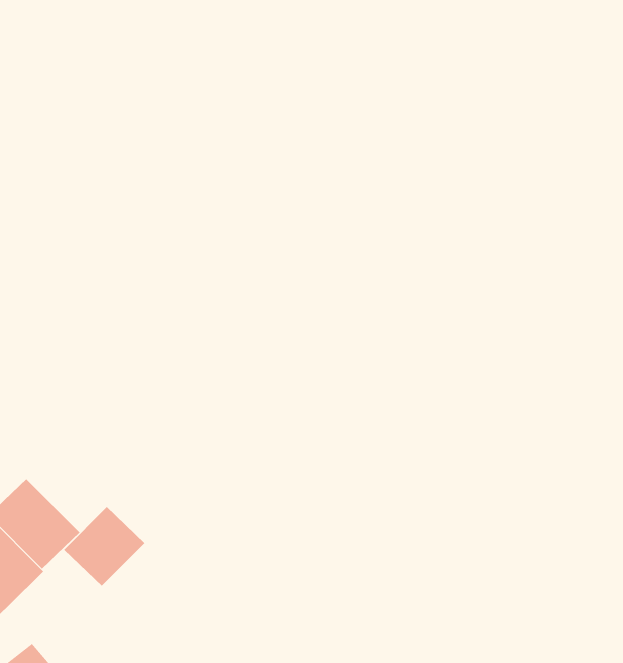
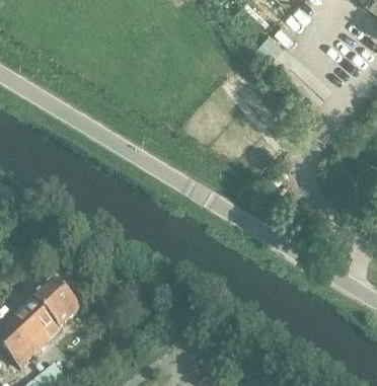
building: [63,506,145,587] -> none

